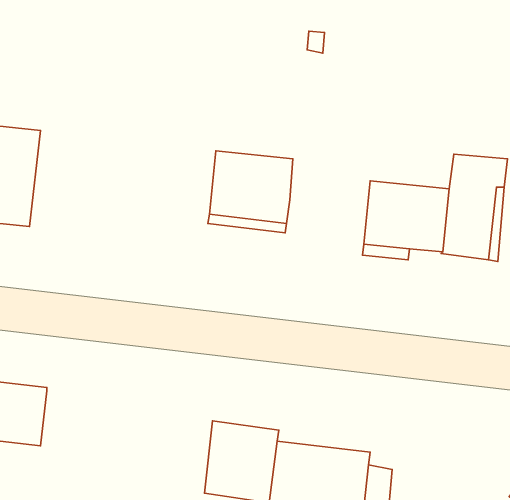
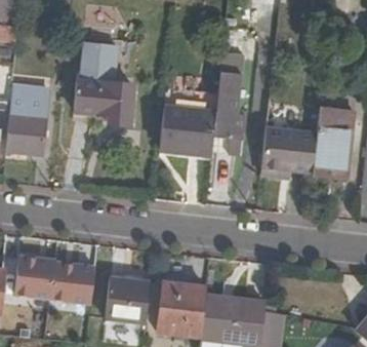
building: none -> [77,41,133,123]
building: none -> [213,51,241,142]
building: none -> [51,262,94,302]
building: none -> [105,276,150,324]

